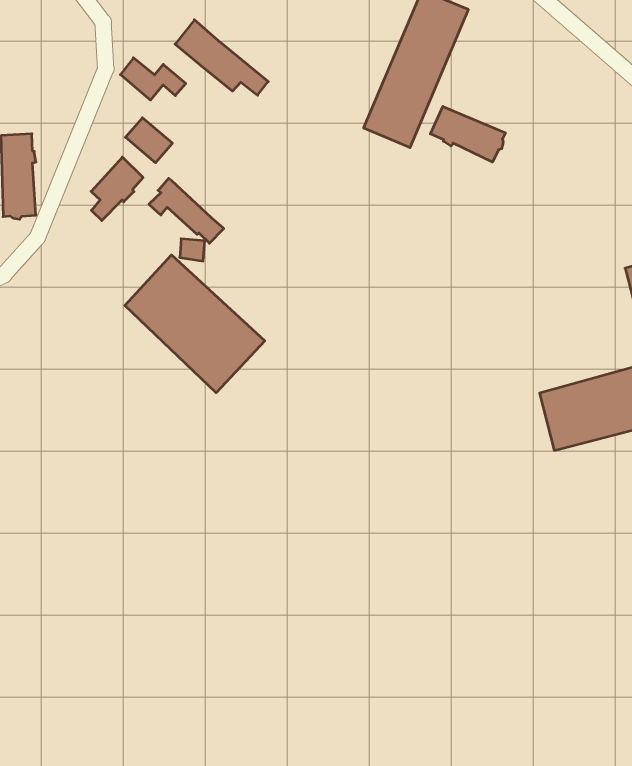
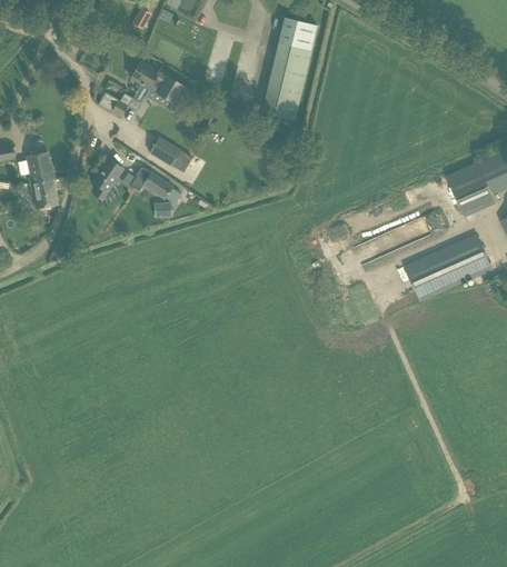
building: [430,106,505,162] -> none
building: [125,118,172,163] -> [149,137,180,165]
building: [125,255,265,393] -> none

